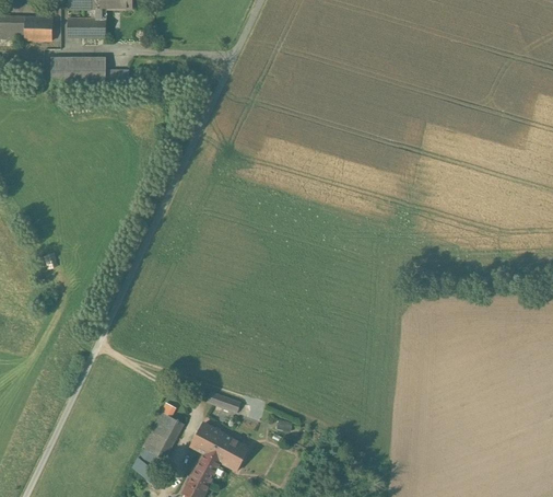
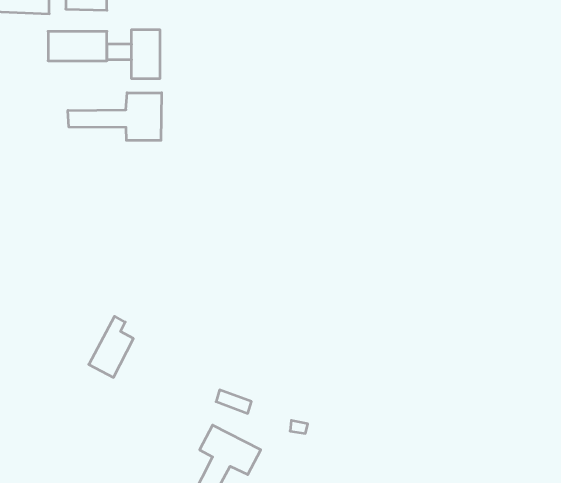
building: none -> [132,30,160,79]
building: none -> [68,93,162,140]
building: [141,403,183,460] -> [89,316,133,377]

